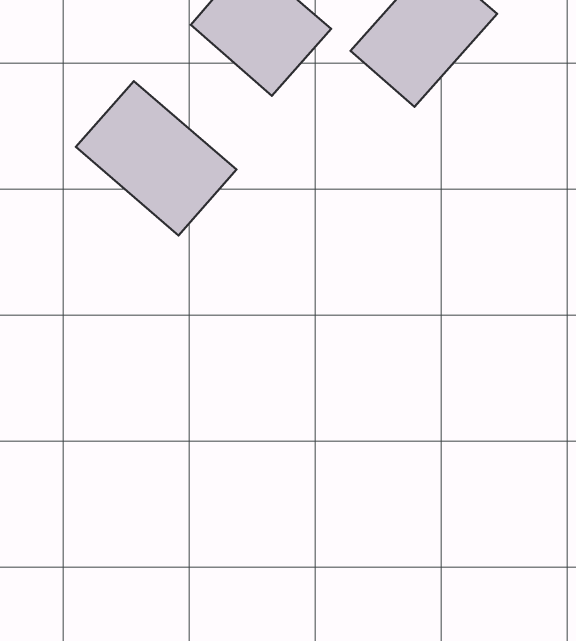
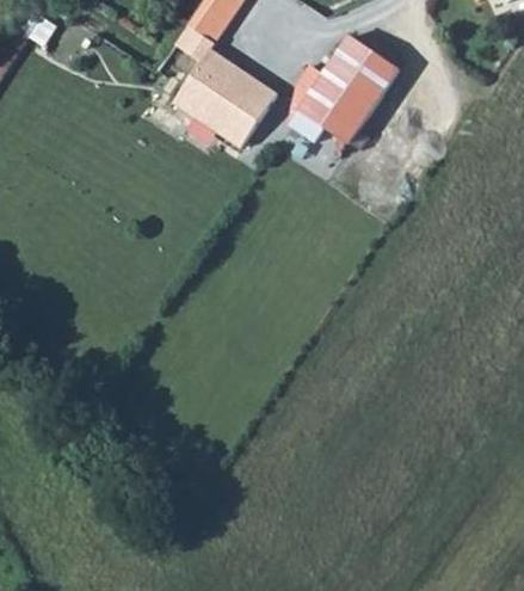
building: [76,81,236,235] -> none

